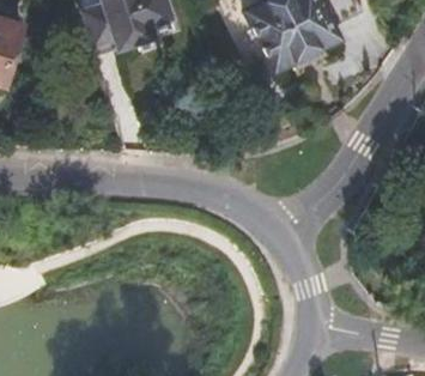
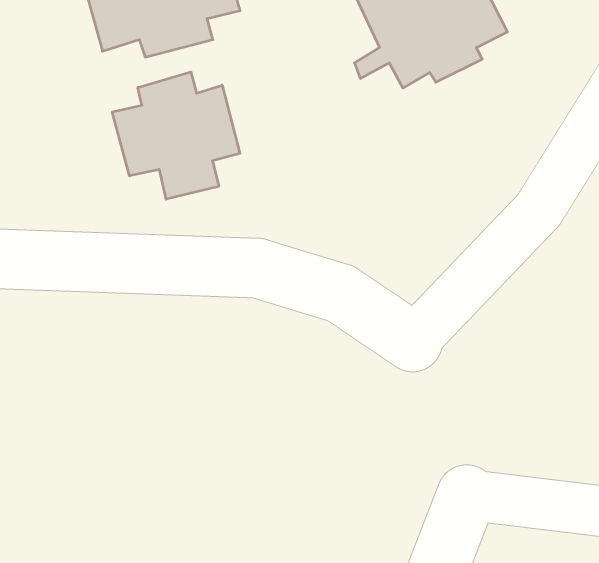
building: none -> [112,72,240,199]

